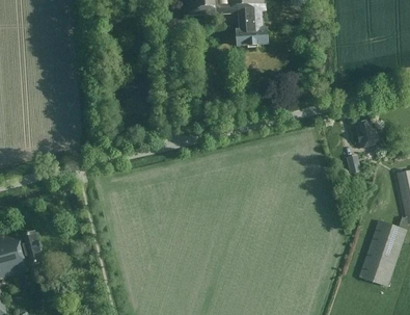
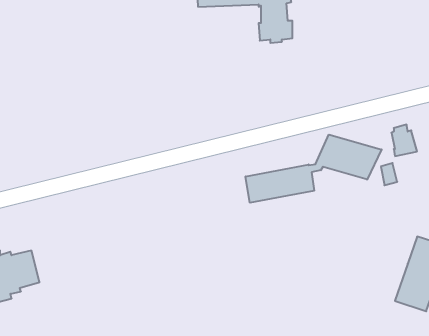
building: none -> [246,135,382,203]

